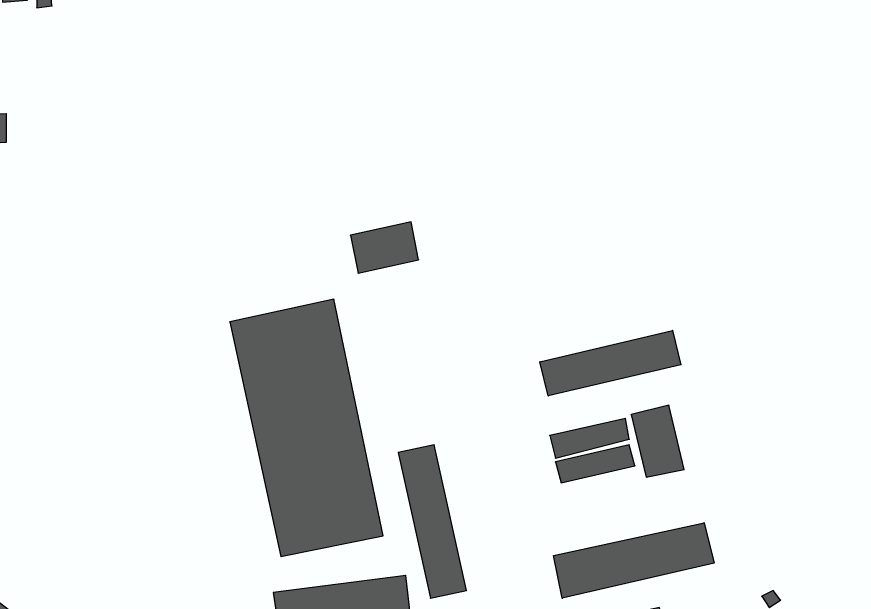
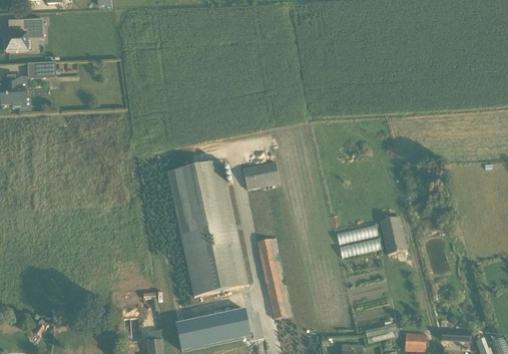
building: [350,222,419,273] -> [242,162,279,190]
building: [540,330,681,396] -> none
building: [554,523,714,598] -> none

